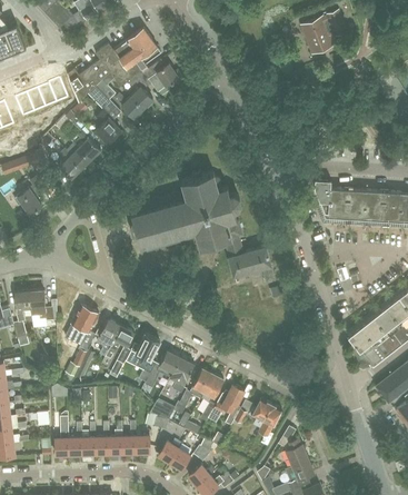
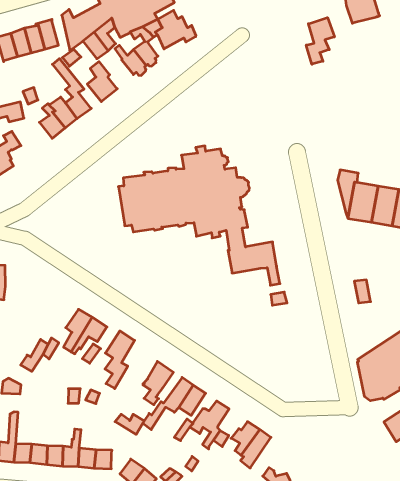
building: none -> [306,18,334,64]
building: [66,305,98,346] -> none
building: [145,350,179,387] -> none

